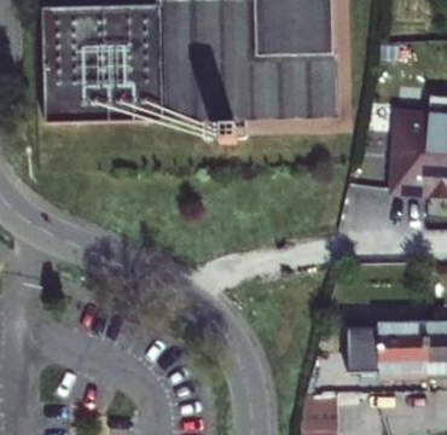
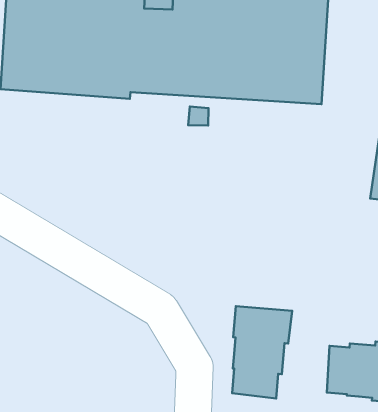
building: none -> [232,306,292,398]

